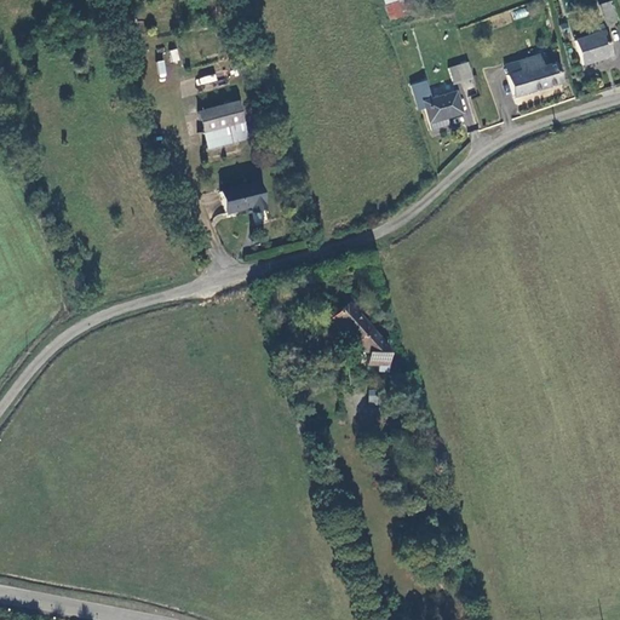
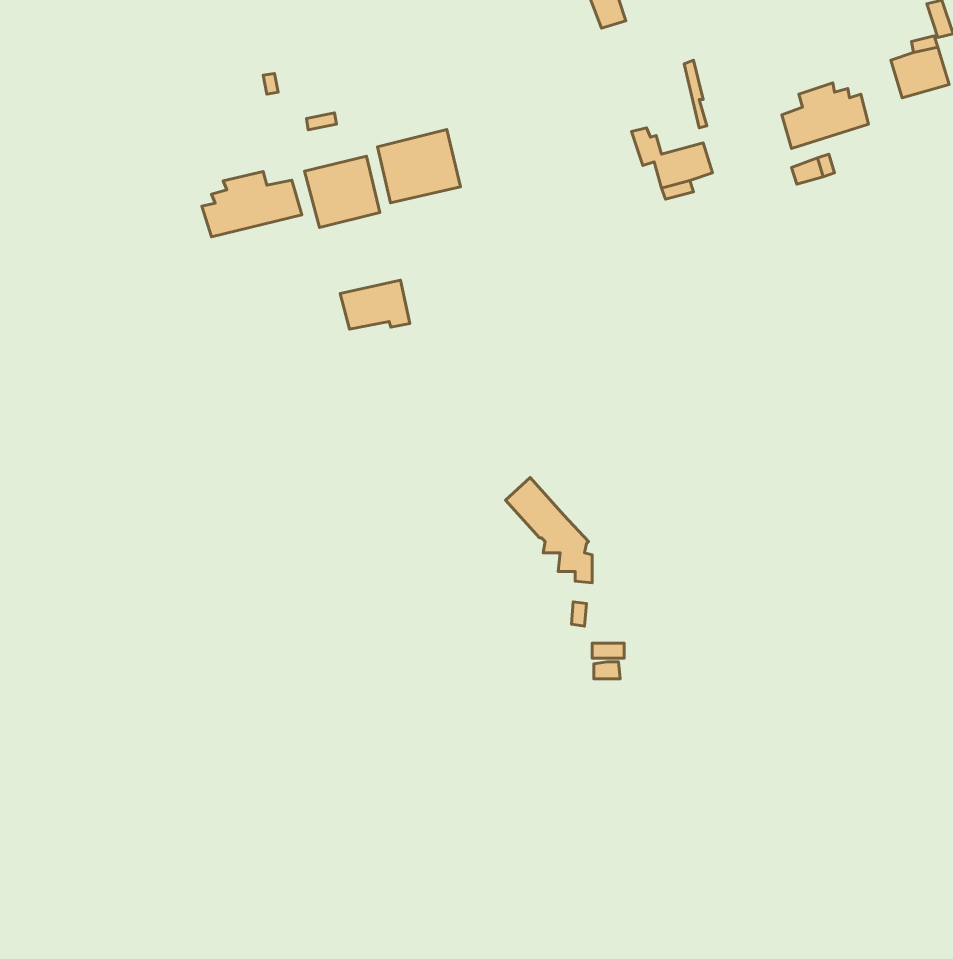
building: none -> [378,129,461,203]
building: none -> [202,172,302,237]

